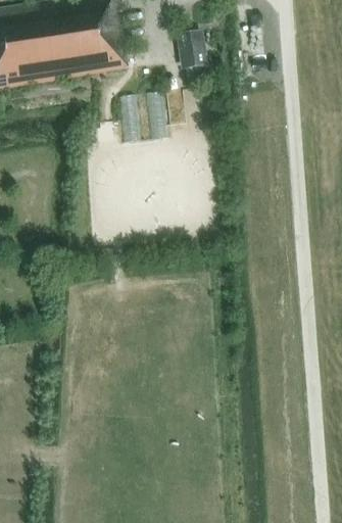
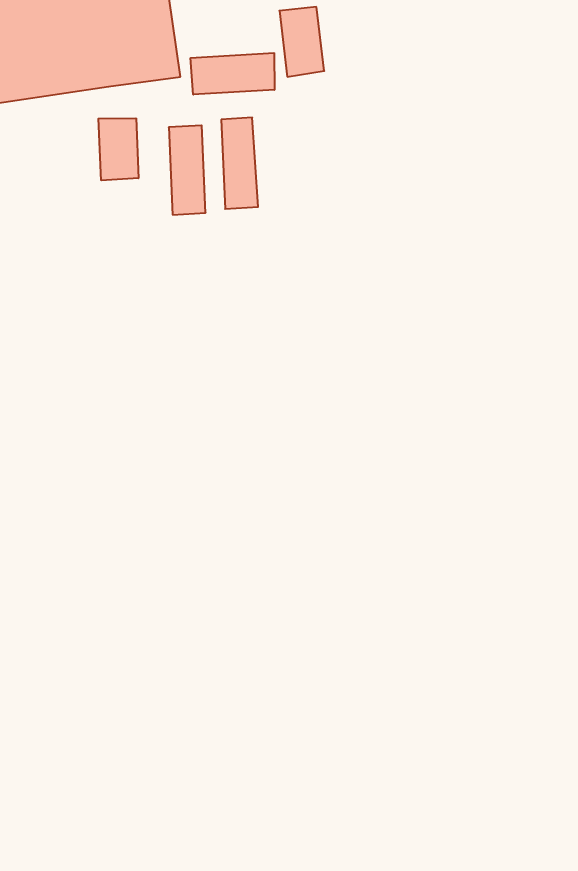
building: none -> [191,53,274,95]
building: none -> [98,118,138,180]

